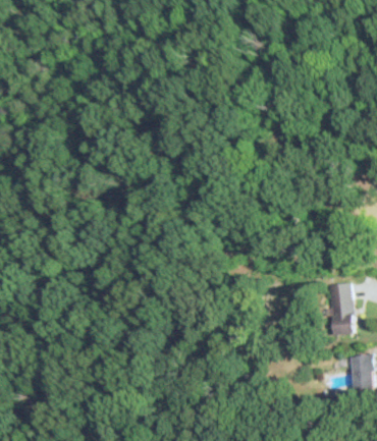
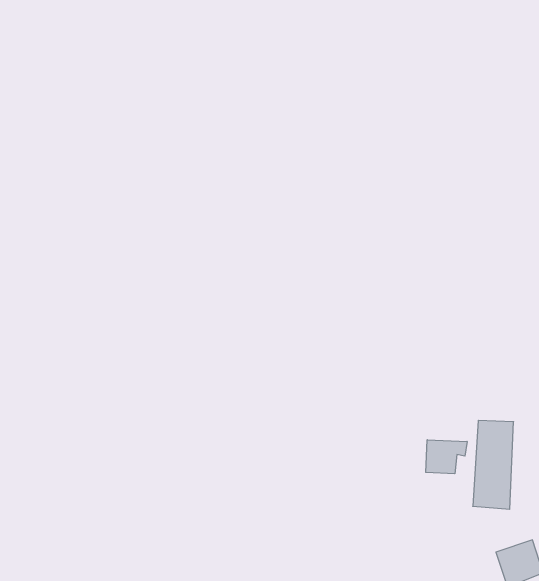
building: none -> [426,440,467,474]

